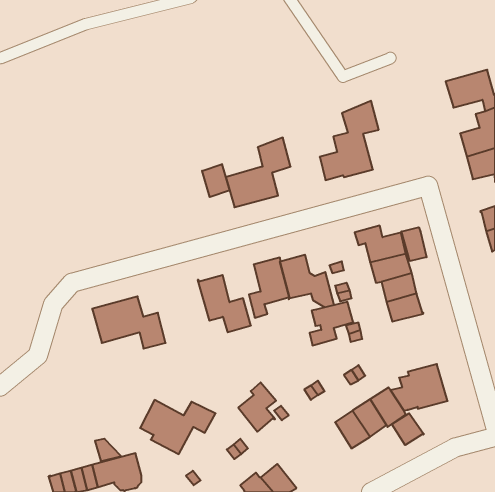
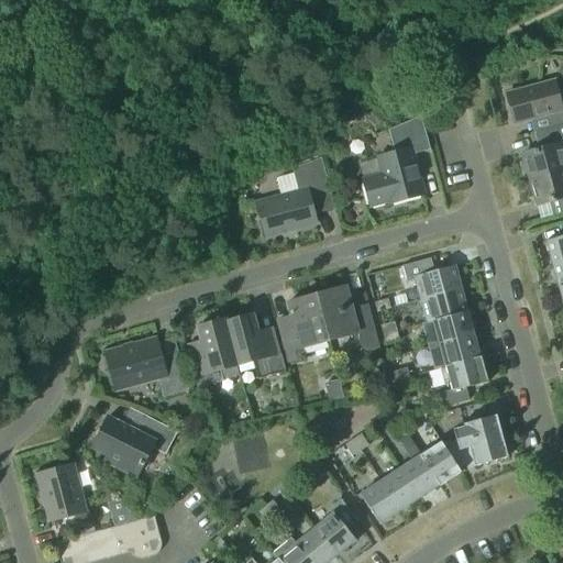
building: [202,164,230,197] -> none
building: [401,227,427,261] -> none
building: none -> [190,318,238,386]
building: [310,302,353,345] -> [438,356,487,406]
building: [238,382,276,432] -> [314,498,357,554]
building: [140,400,216,454] -> [91,415,177,476]
building: none -> [37,463,93,530]
building: [392,413,424,445] -> none
building: none -> [360,479,399,523]

